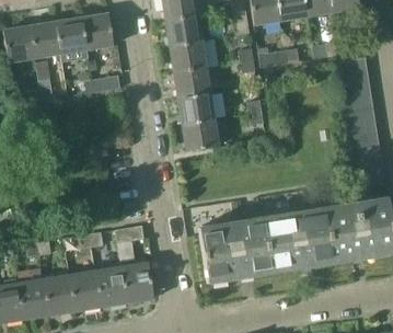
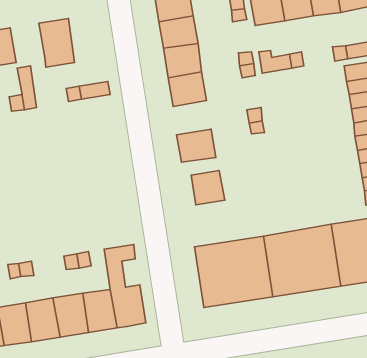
building: [83,14,114,49] -> none
building: [30,22,61,58] -> none
building: [180,93,215,125] -> none
building: none -> [191,171,225,205]

